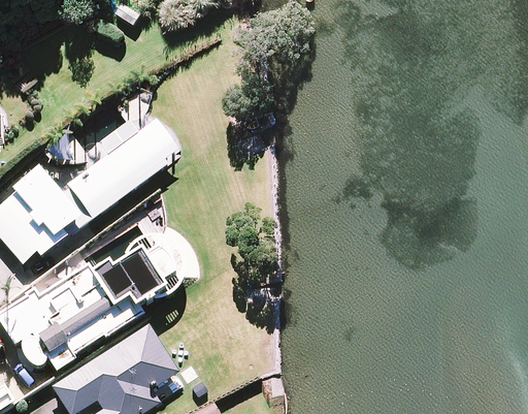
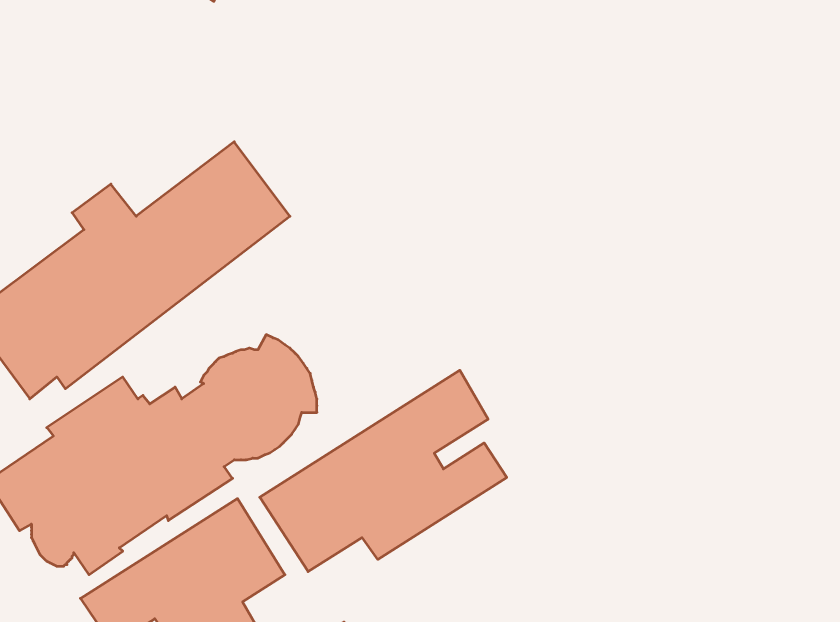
building: none -> [260,370,507,572]

